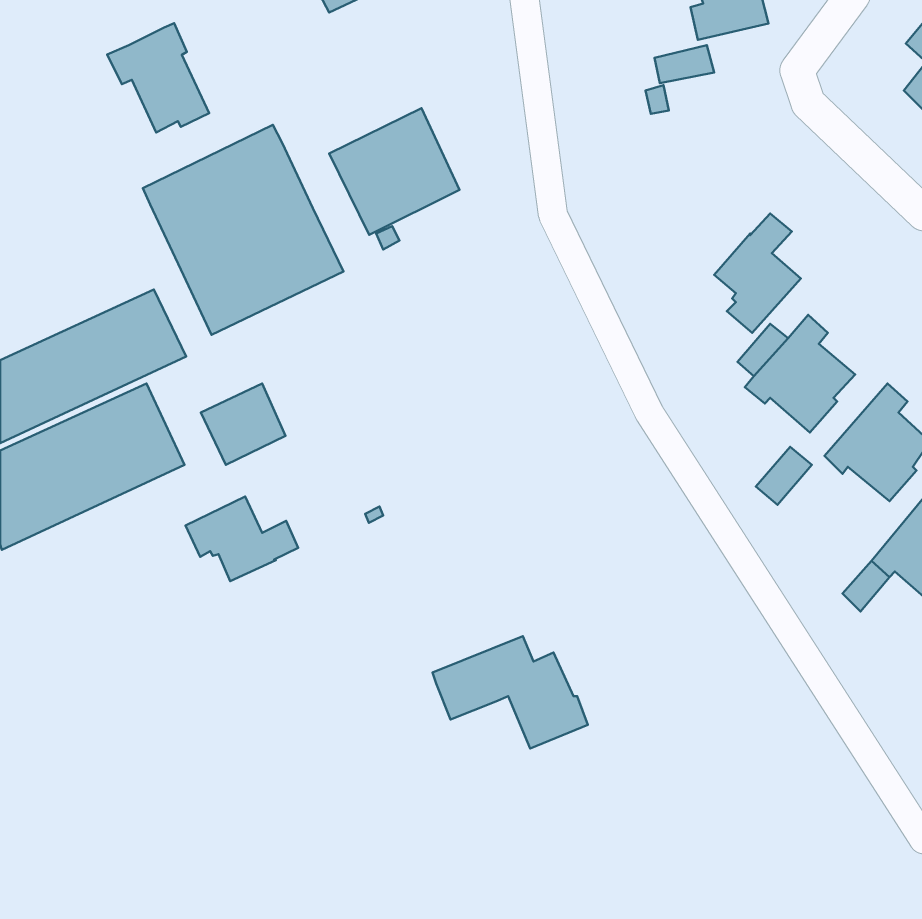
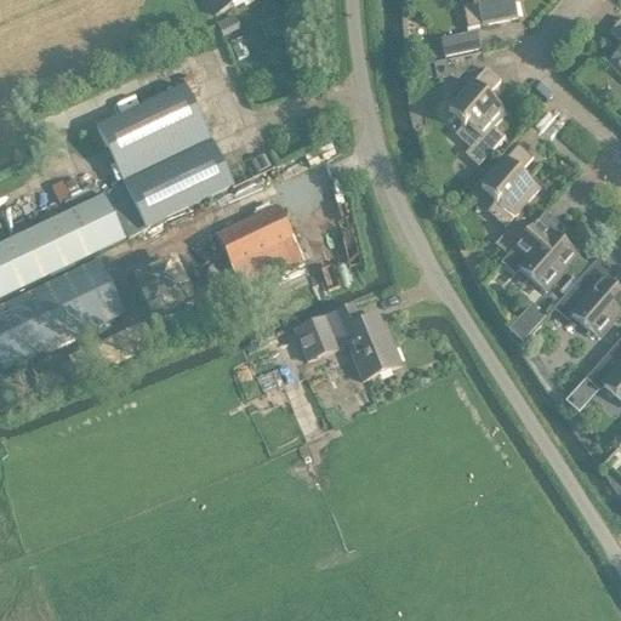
building: [107,23,209,133] -> none
building: none -> [448,65,506,163]
building: [329,108,459,235] -> [216,204,303,289]
building: [186,497,298,581] -> none
building: [432,636,588,748] -> [296,303,400,378]

